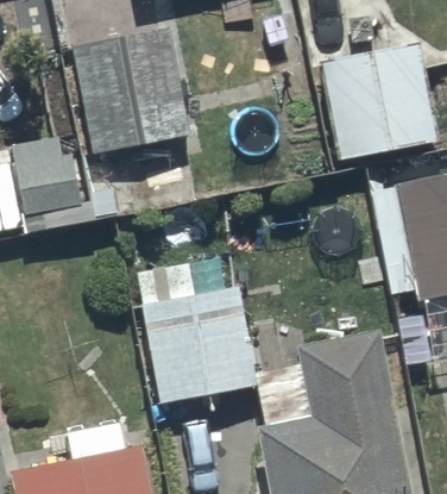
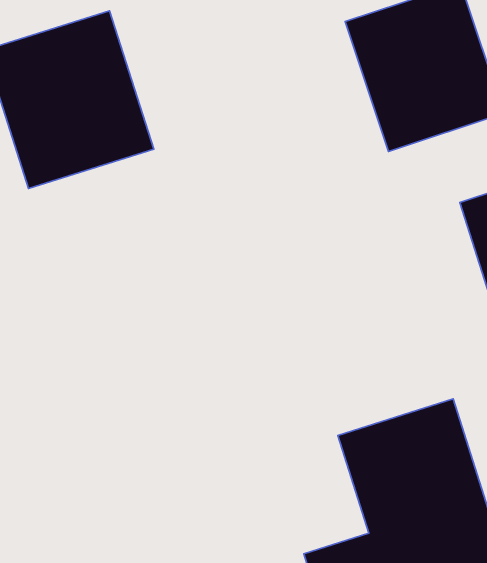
building: [143,292,251,401] -> none

